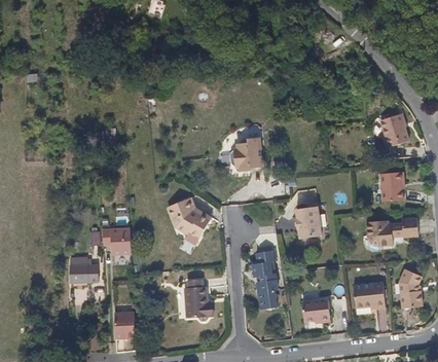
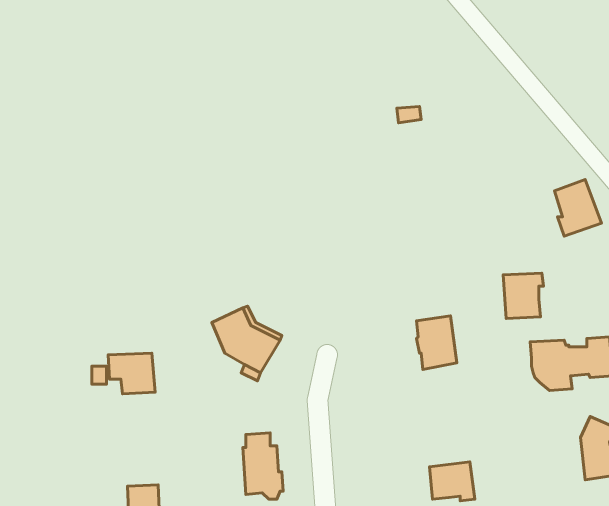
building: [229,137,261,172] -> none
building: [382,172,408,201] -> [503,273,544,319]
building: [253,245,279,309] -> none
building: [67,259,94,284] -> none
building: [355,283,387,307] -> none

